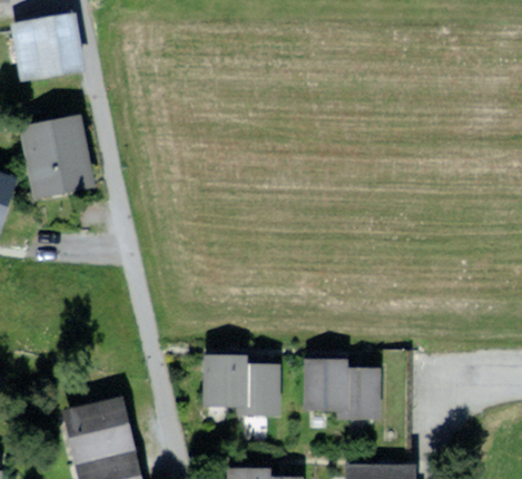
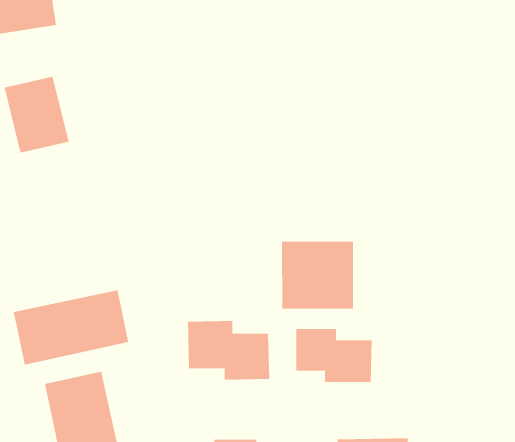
building: none -> [282,241,354,309]
building: none -> [13,290,129,365]

